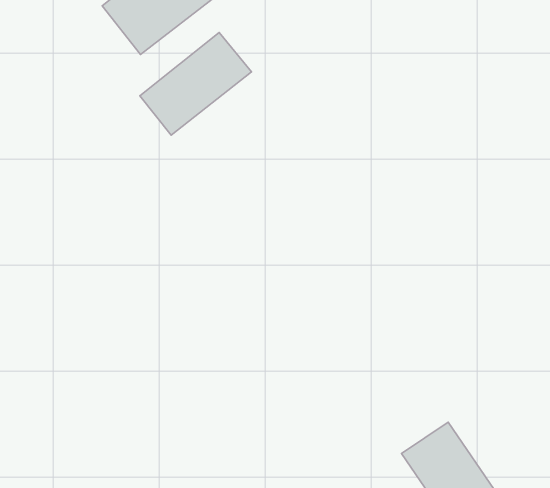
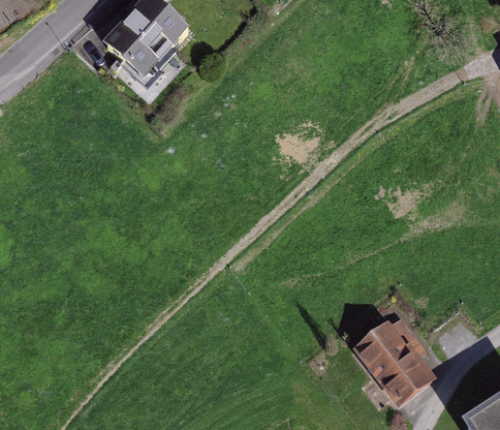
building: [140,32,252,135] -> none

